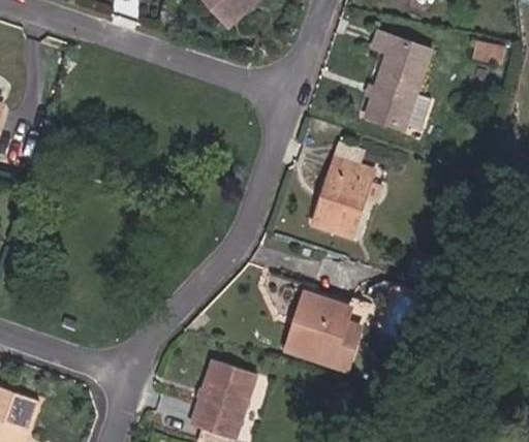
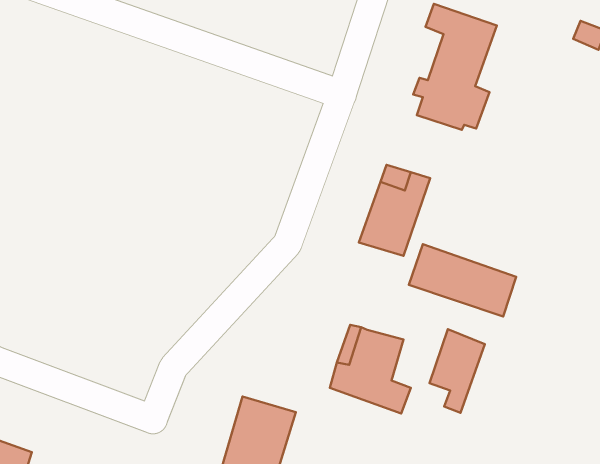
building: none -> [409,244,516,316]
building: none -> [429,329,485,413]

